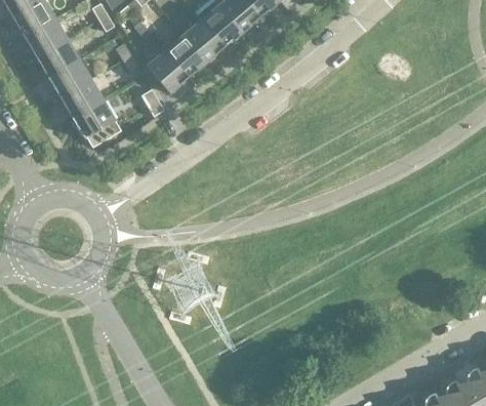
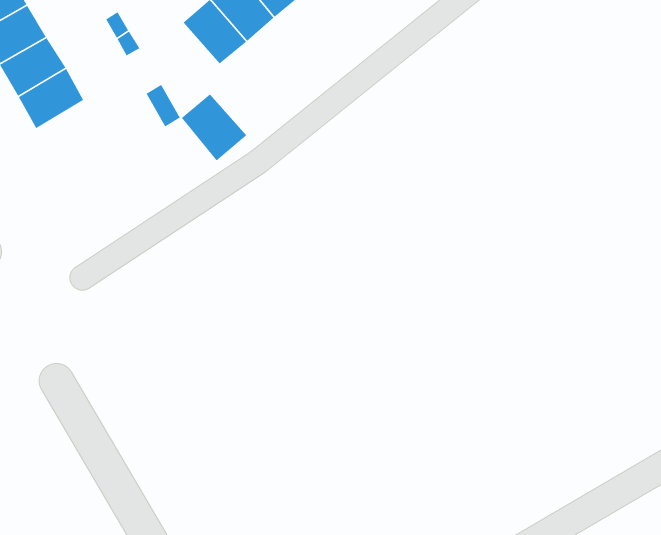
building: [147,50,189,93] -> [181,94,247,161]
building: [72,99,122,148] -> none

